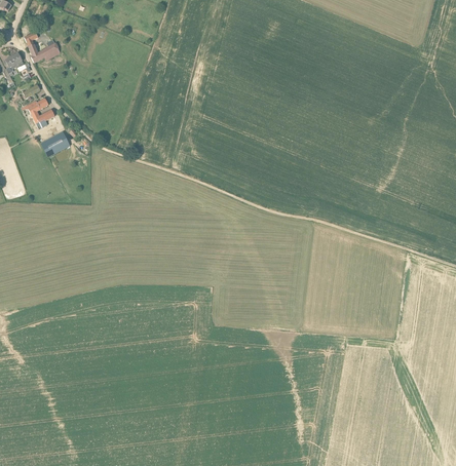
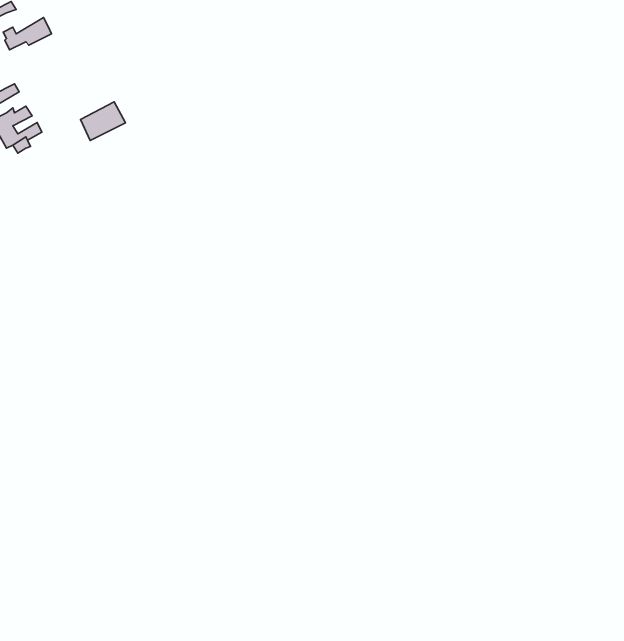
building: [41,130,70,155] -> [80,102,126,141]

